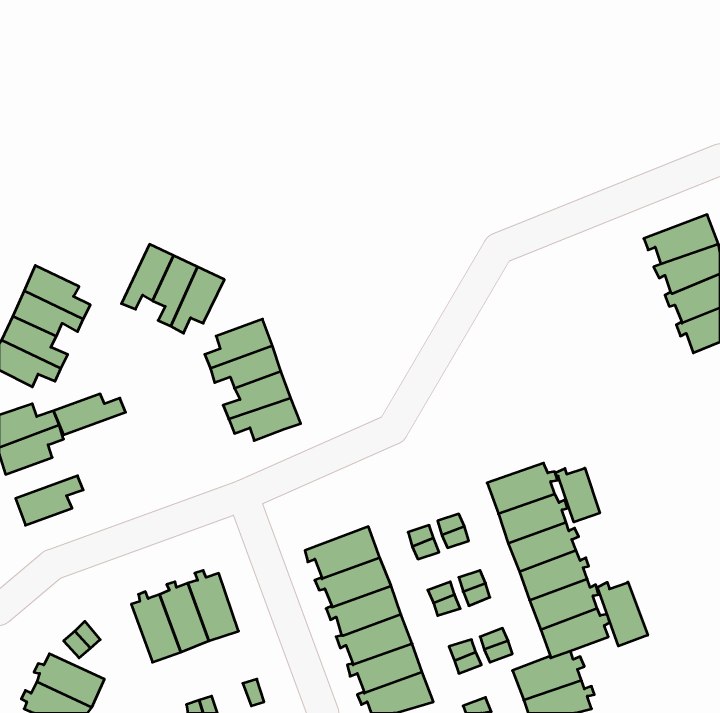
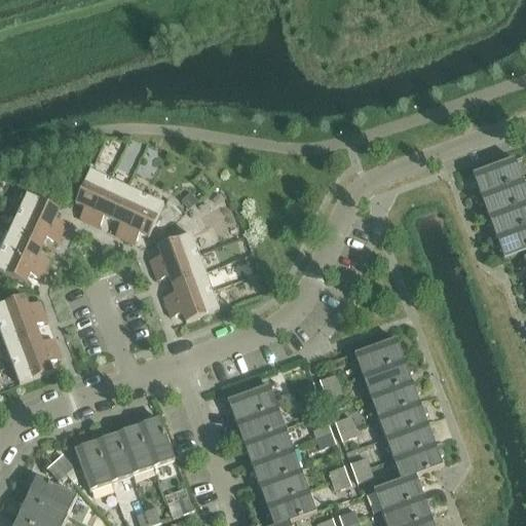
building: none -> [75,170,109,221]
building: [54,394,126,435] -> [4,333,57,363]
building: [555,468,600,522] -> none
building: [597,582,648,646] -> none
building: none -> [74,438,111,490]

